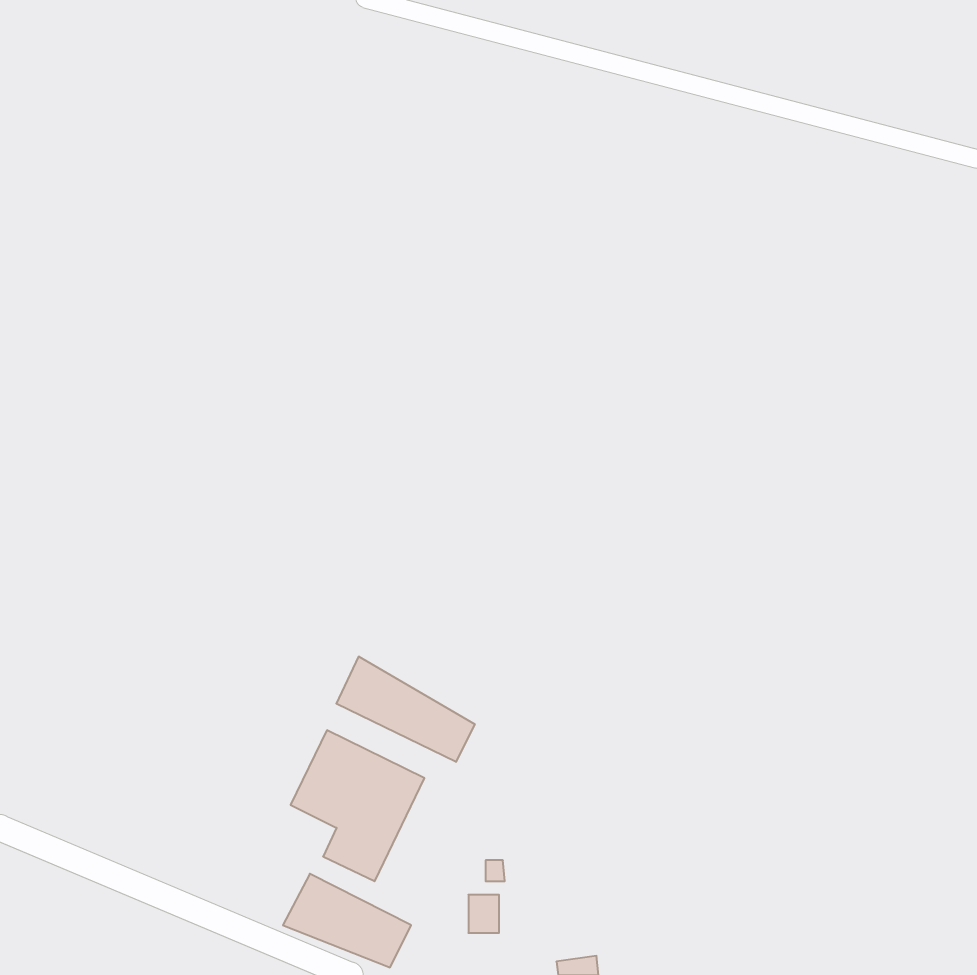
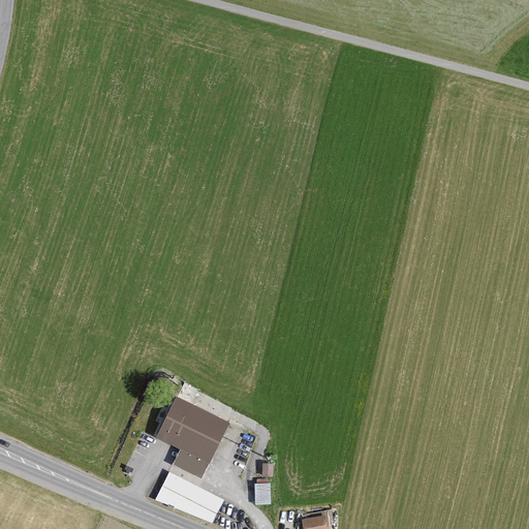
building: [336,656,475,762] -> none

